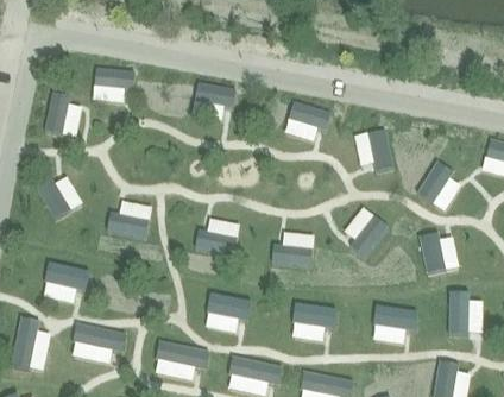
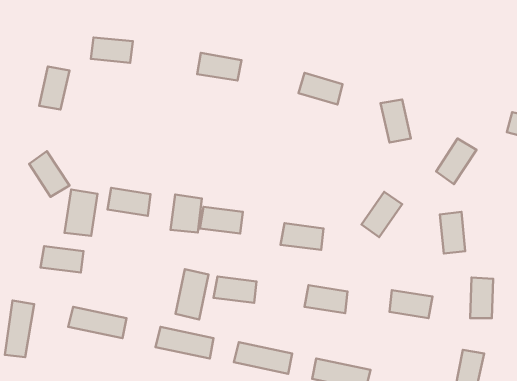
building: none -> [64,190,98,236]
building: none -> [171,194,202,233]
building: none -> [175,269,208,319]

